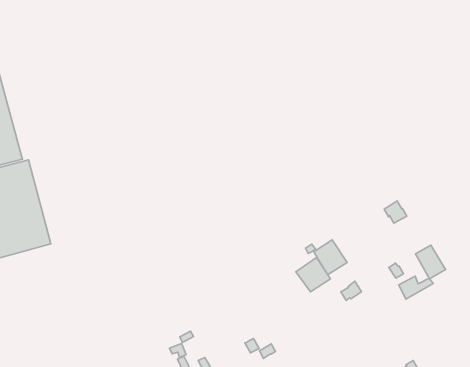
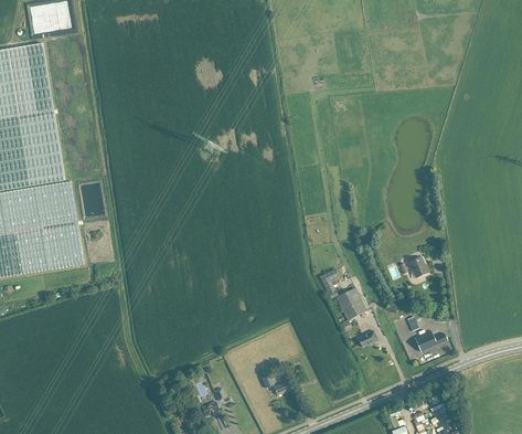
building: [415,245,445,279] -> none
building: [296,258,330,292] -> none

